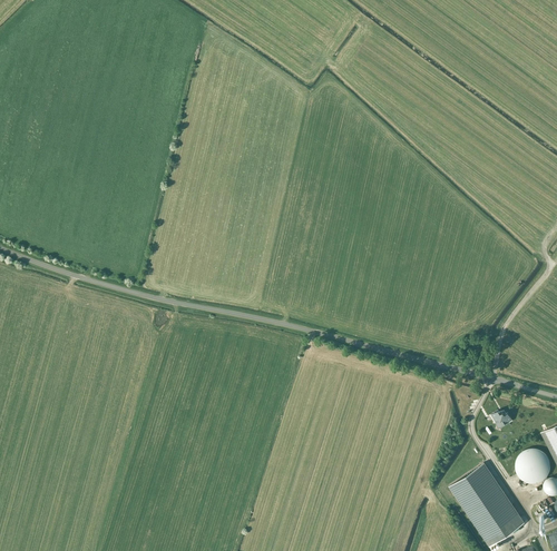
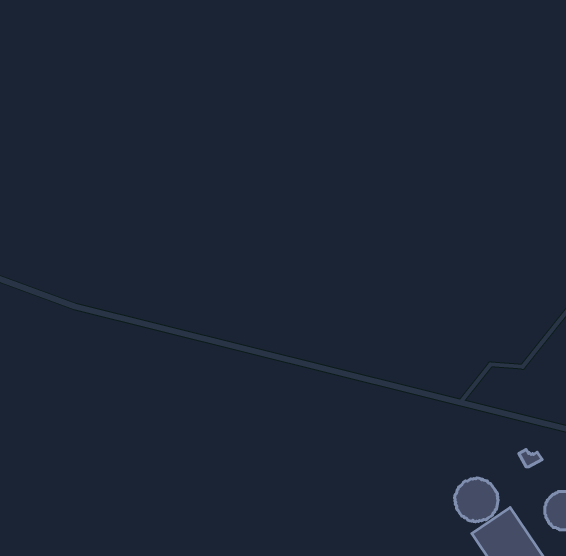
building: none -> [455,478,498,522]

